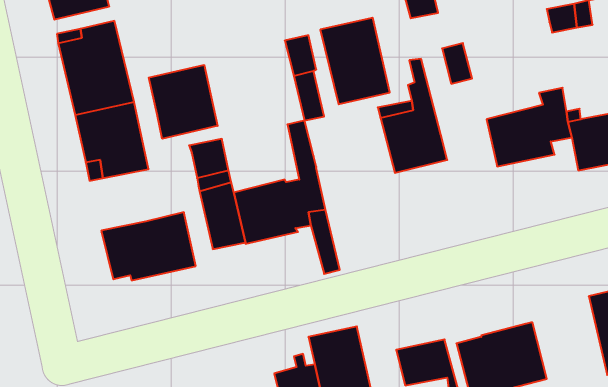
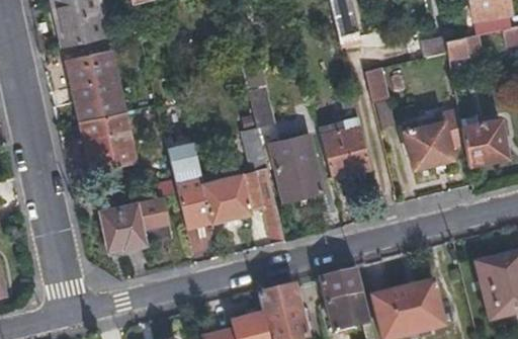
building: [320,18,390,104] -> [268,135,322,201]
building: [149,65,218,139] -> none
building: none -> [322,269,364,303]

